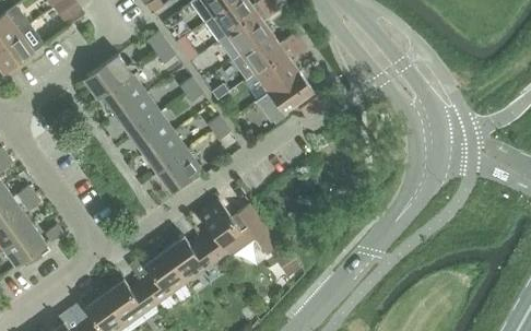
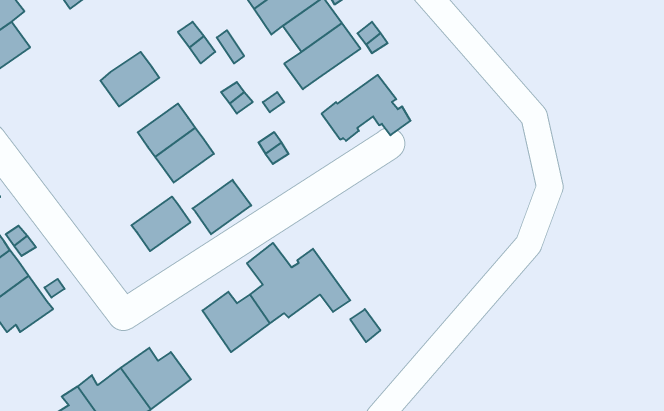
building: [253,52,298,94] -> none
building: [102,74,146,116] -> none
building: [143,132,188,174] -> [131,197,190,251]
building: [141,251,187,304] -> none

